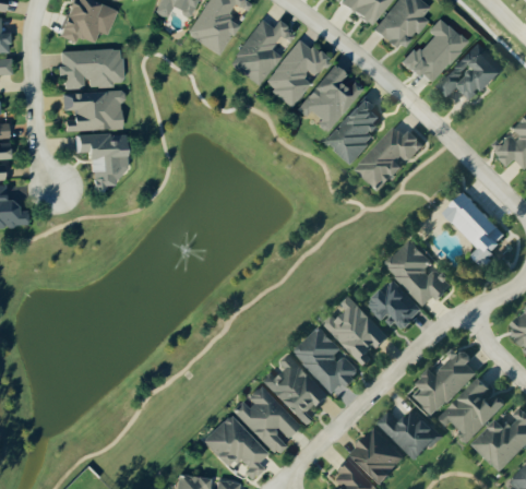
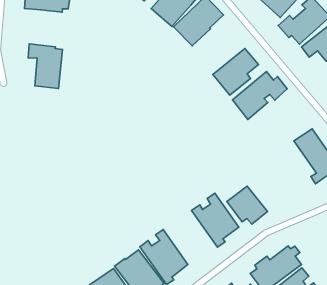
building: [297,64,363,132] -> none
building: [61,90,122,131] -> none
building: [383,240,453,306] -> none
building: [292,326,360,394] -> none

